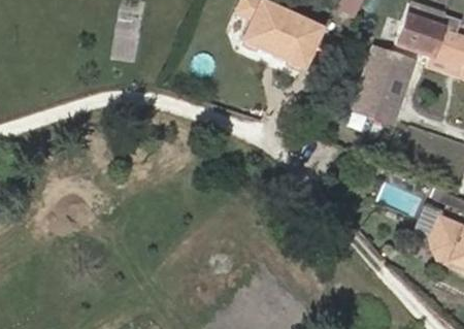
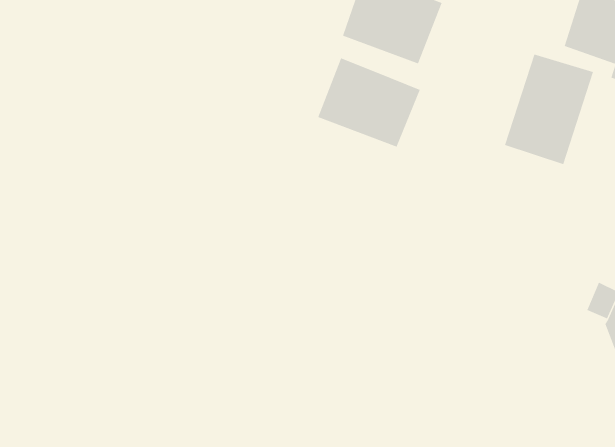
building: none -> [318,57,420,148]

